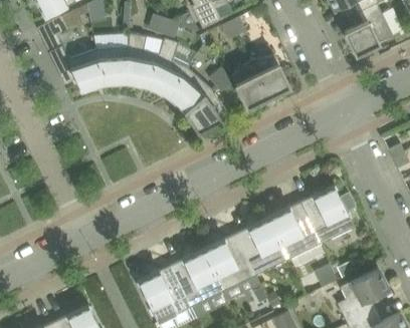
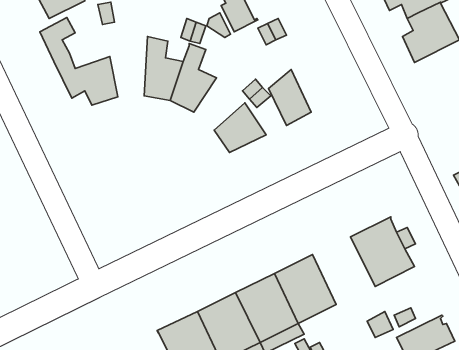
building: [96,47,128,83] -> none
building: [250,55,289,96] -> none
building: [168,67,211,111] -> none
building: [268,202,322,259] -> none

